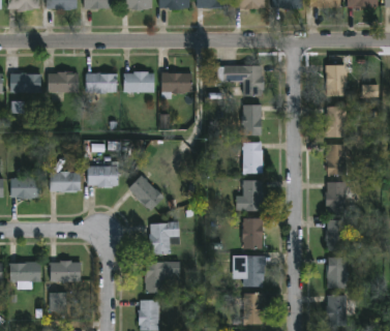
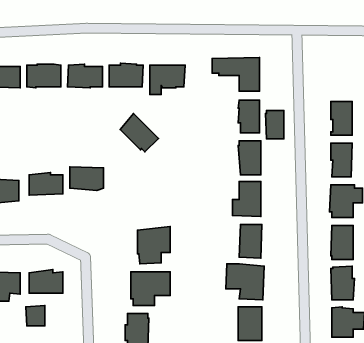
building: [326,64,348,95] -> none
building: none -> [266,111,284,139]
building: [129,175,164,210] -> [120,114,158,152]

